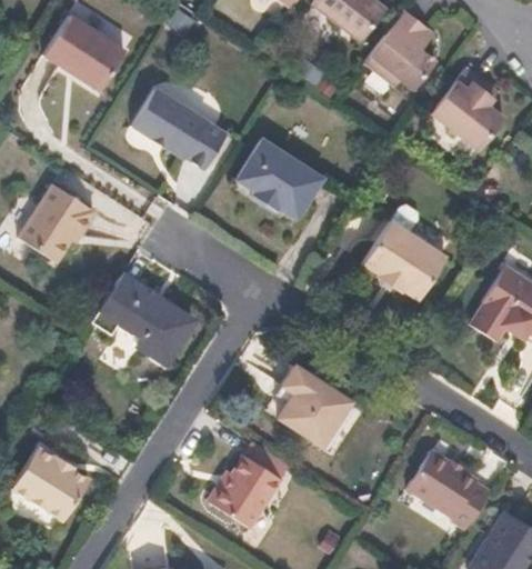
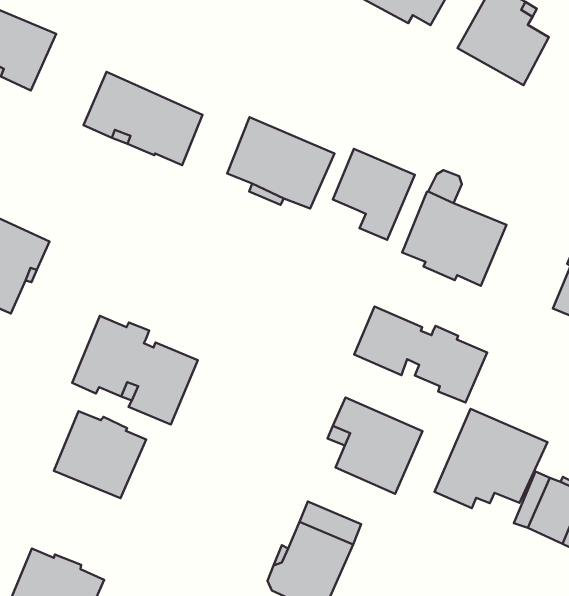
building: none -> [333,149,415,240]
building: none -> [354,307,487,403]
building: none -> [54,411,146,498]
building: none -> [434,409,547,508]

